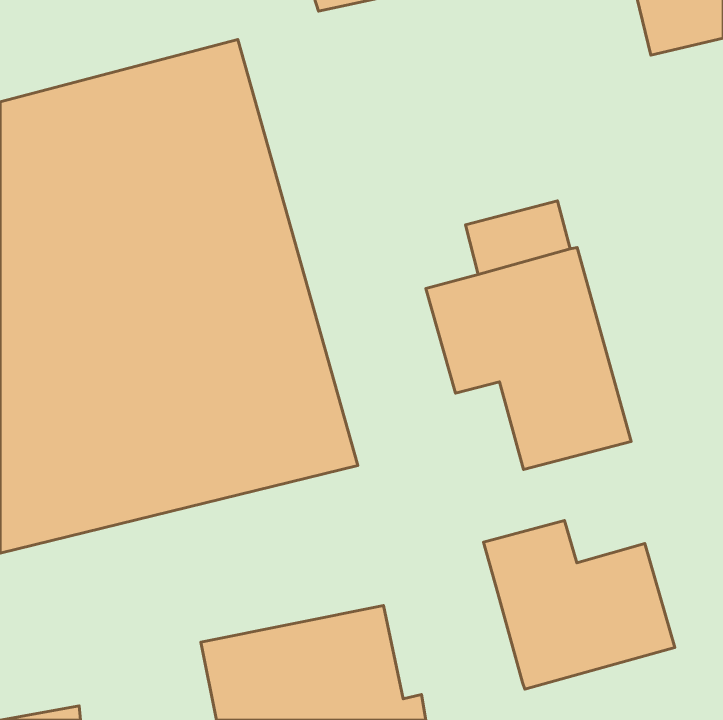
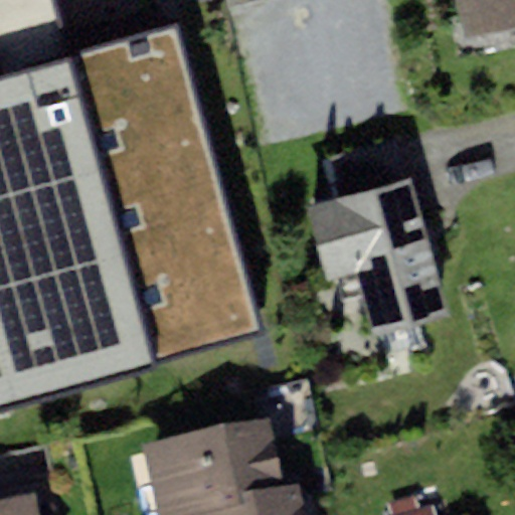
building: [483,520,675,689] -> none

